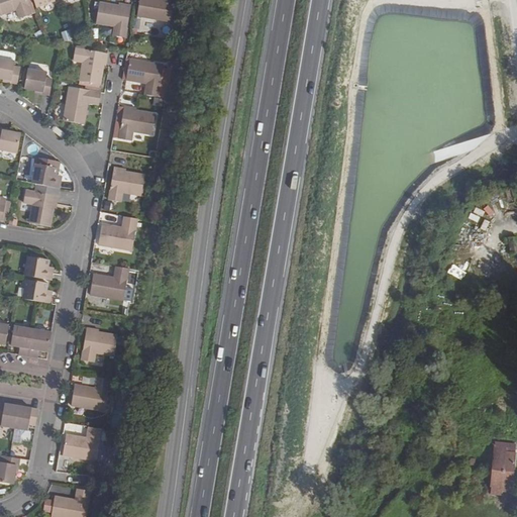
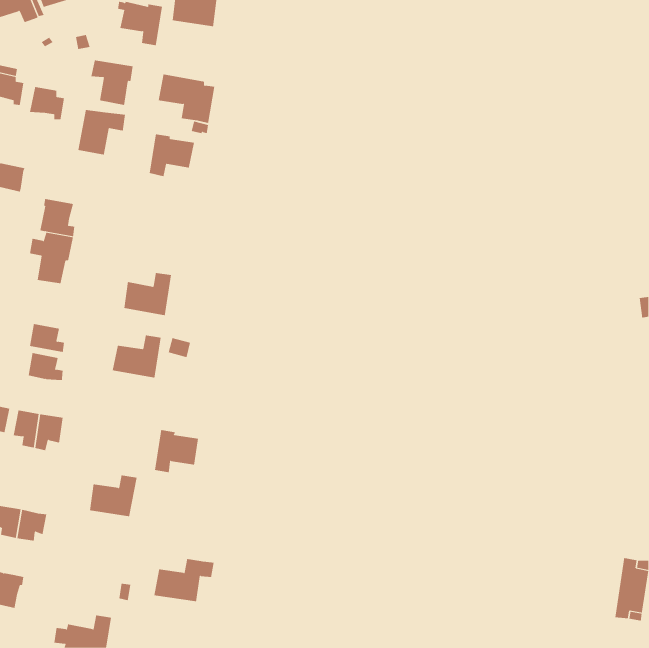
building: [107,168,144,201] -> none
building: [81,327,116,361] -> [154,430,199,473]
building: [62,426,110,460] -> [153,559,214,602]

